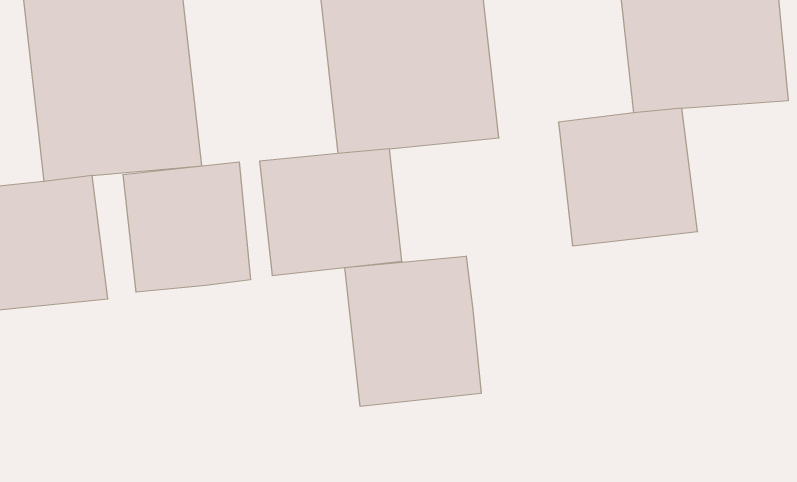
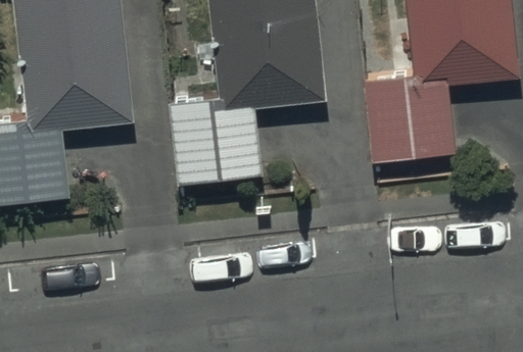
building: [123,162,250,292] -> none
building: [345,256,481,406] -> none

